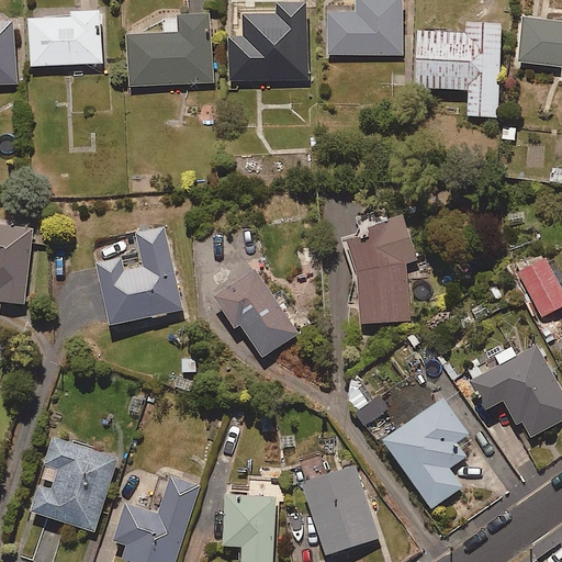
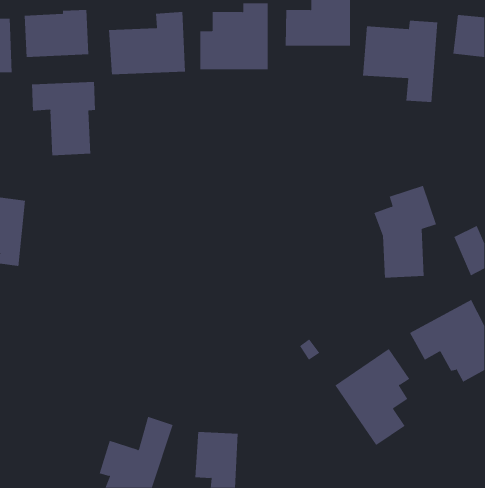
building: none -> [31,81,96,156]
building: [349,213,422,319] -> [374,185,437,278]
building: [95,227,182,326] -> none
building: [213,269,297,357] -> none
building: [30,437,115,530] -> none
building: [302,467,378,554] -> none

